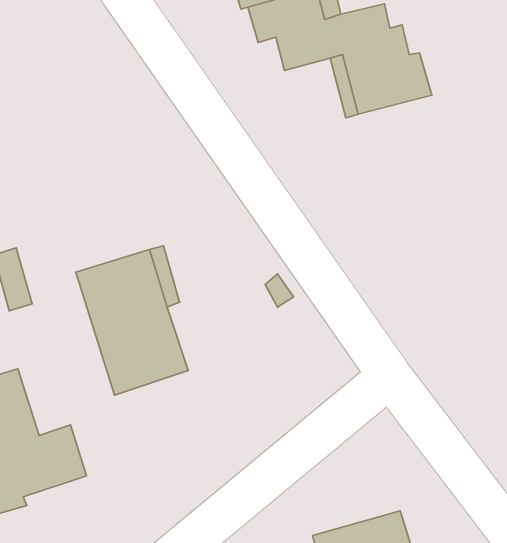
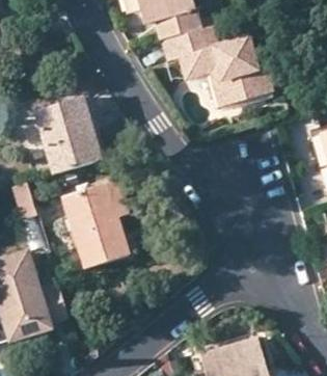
building: none -> [34,96,102,173]

